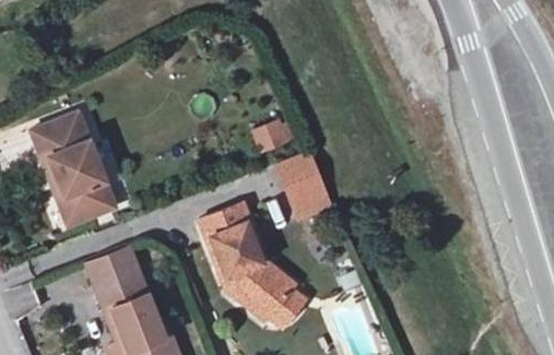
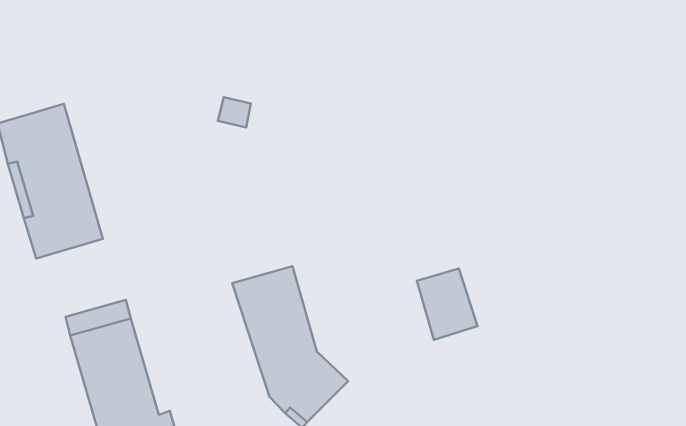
building: [246,118,292,157] -> none
building: [280,157,326,210] -> [417,269,478,340]

